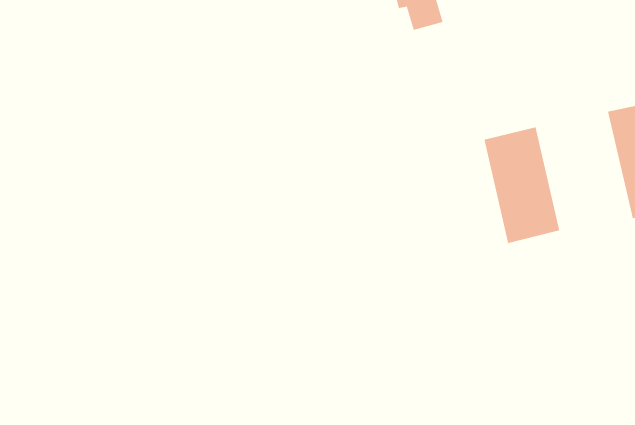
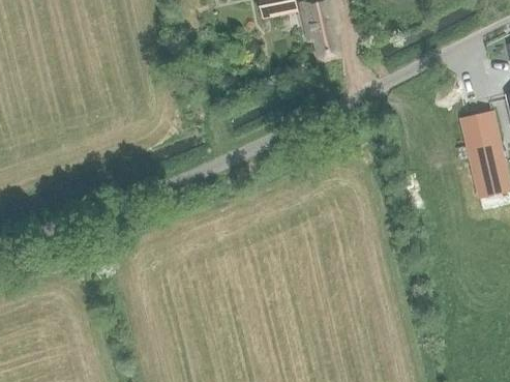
building: [484,126,560,244] -> none

